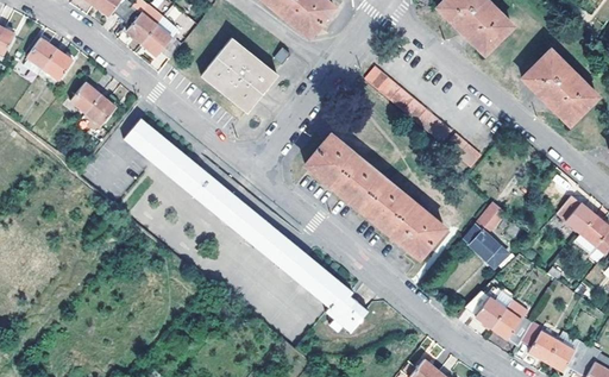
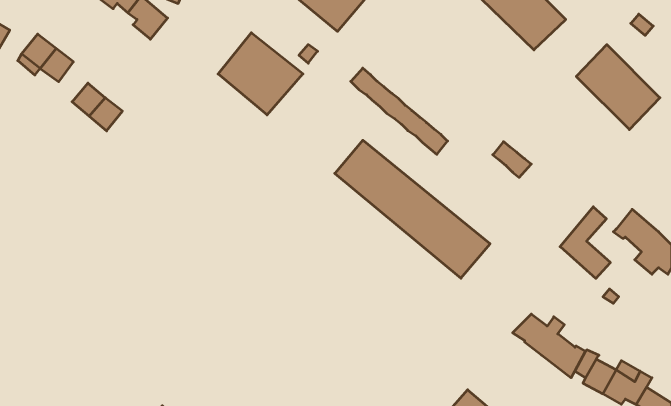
building: [140,17,181,59] -> none
building: [365,67,452,144] -> [351,68,448,154]
building: [127,126,368,333] -> none
building: [465,203,510,268] -> [560,207,610,278]

